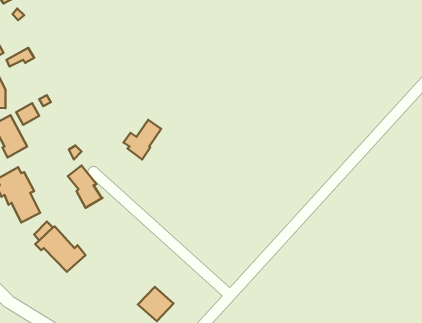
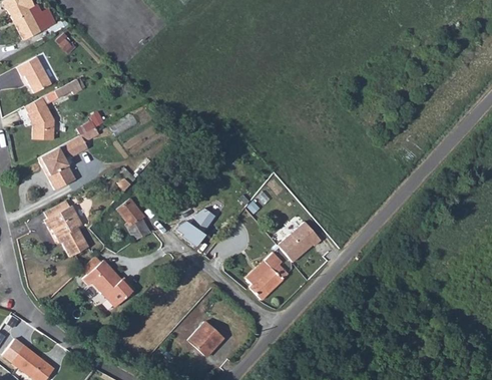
building: [123,120,161,159] -> [176,207,214,247]
building: none -> [278,222,322,263]
building: none -> [247,253,289,300]

